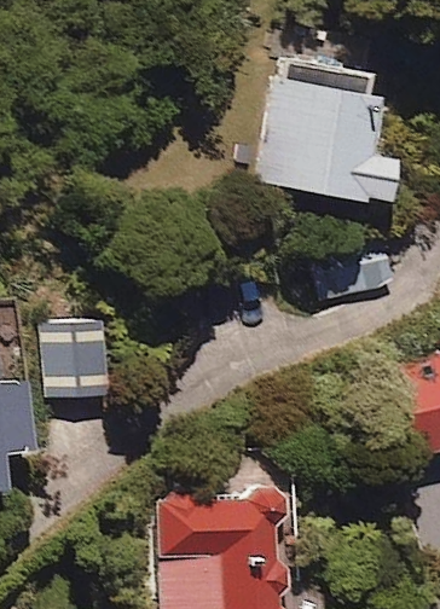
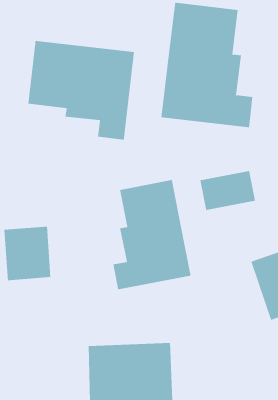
building: none -> [28,40,135,140]
building: none -> [113,179,191,290]

